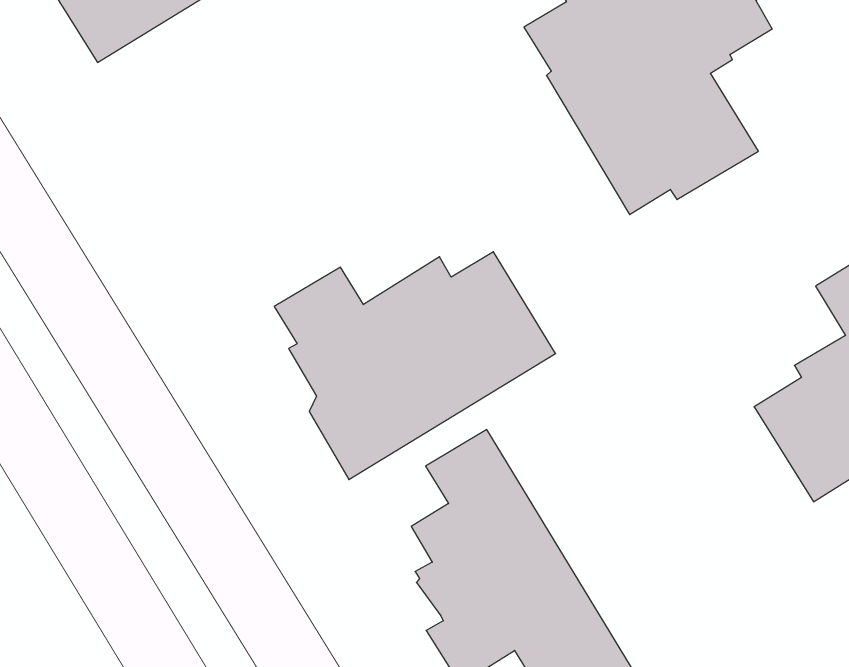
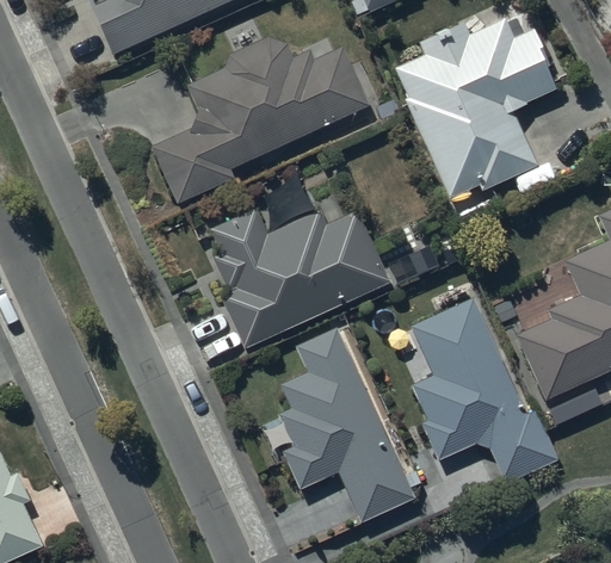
building: none -> [153,39,369,204]
building: none -> [409,297,555,484]

